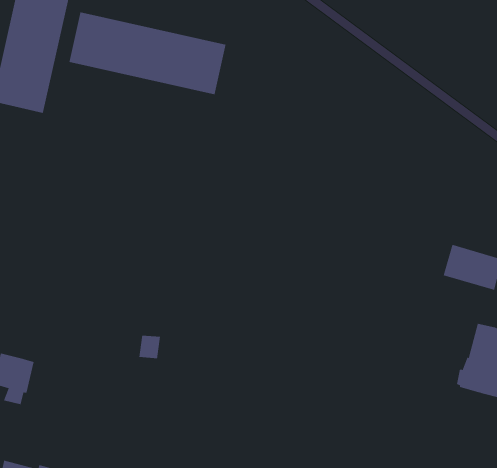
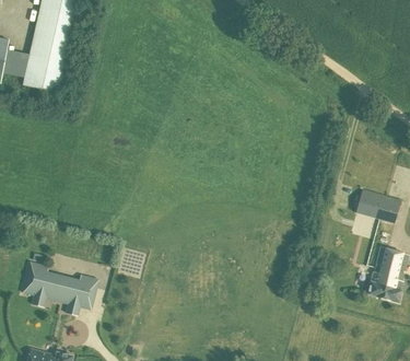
building: [69,11,226,95] -> none
building: none -> [66,280,93,308]

